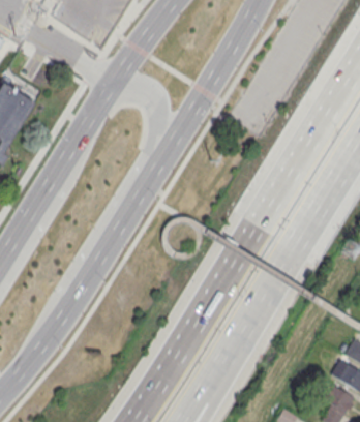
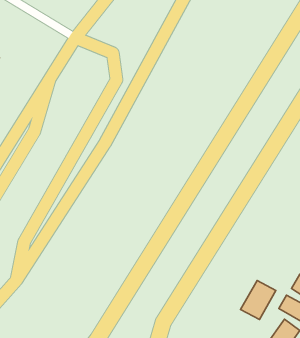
building: none -> [240,280,276,320]

